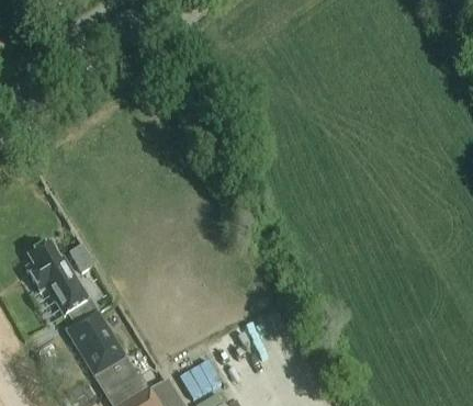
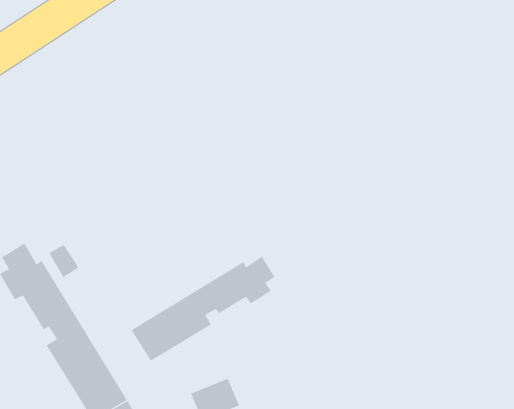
building: none -> [131,256,275,361]

